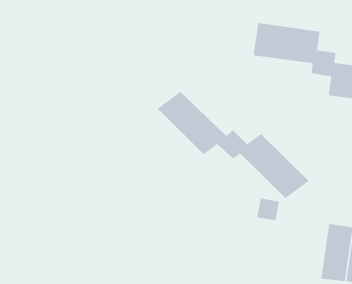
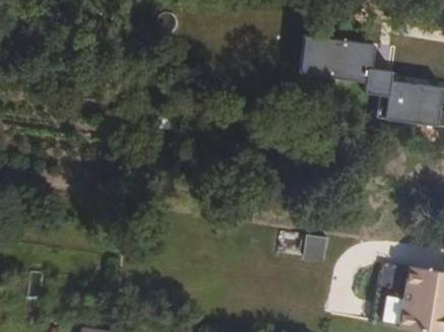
building: [157,91,310,199] -> none

